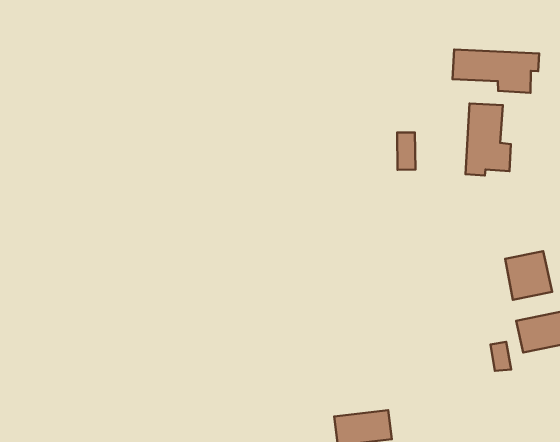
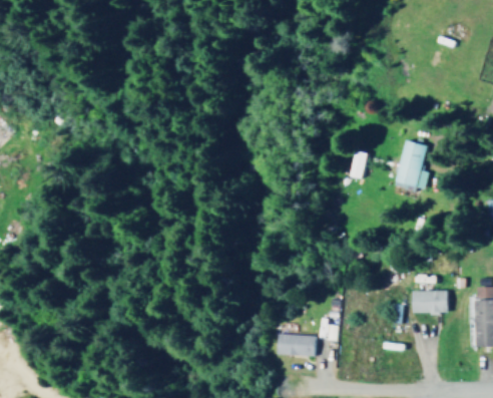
building: [453,49,539,93] -> none
building: [505,251,552,300] -> none

